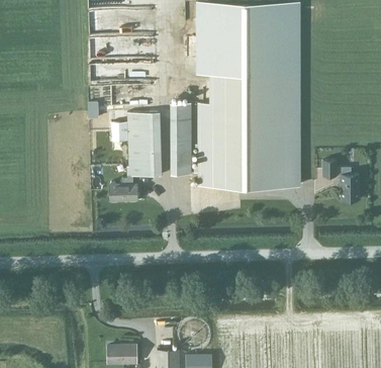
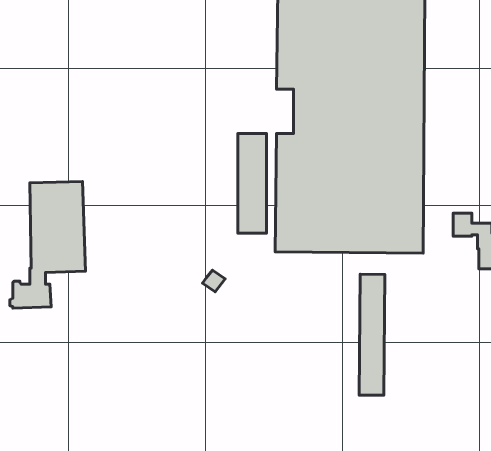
building: [107,112,161,202] -> [10,181,85,308]
building: none -> [359,274,385,395]

